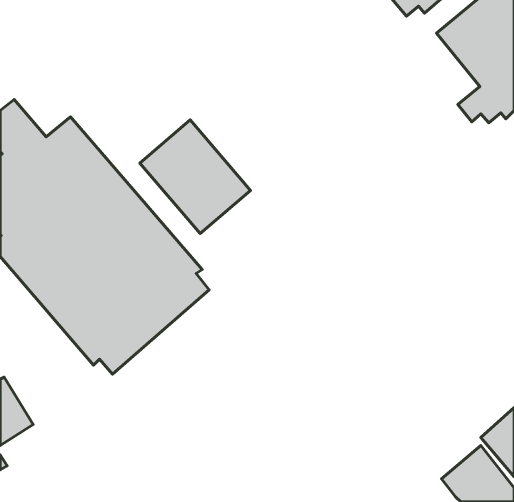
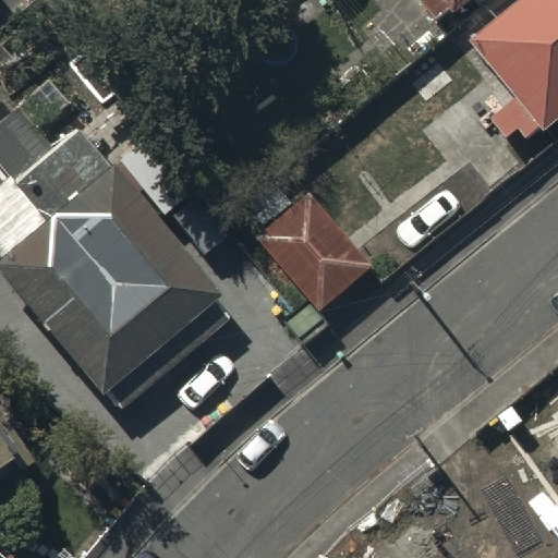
building: [140,120,250,234] -> [258,184,378,307]

